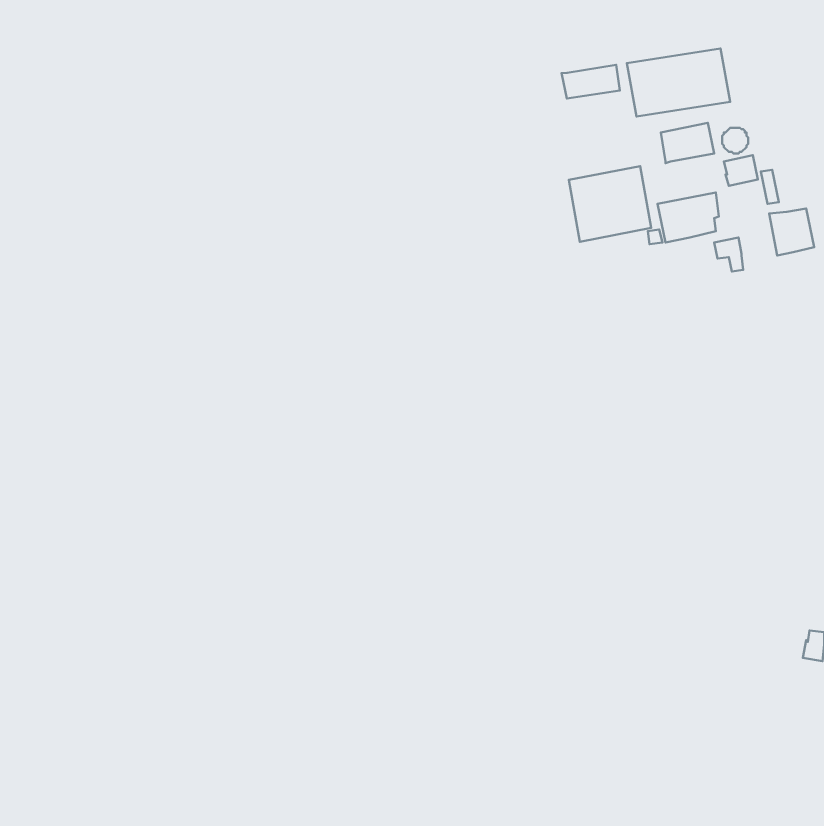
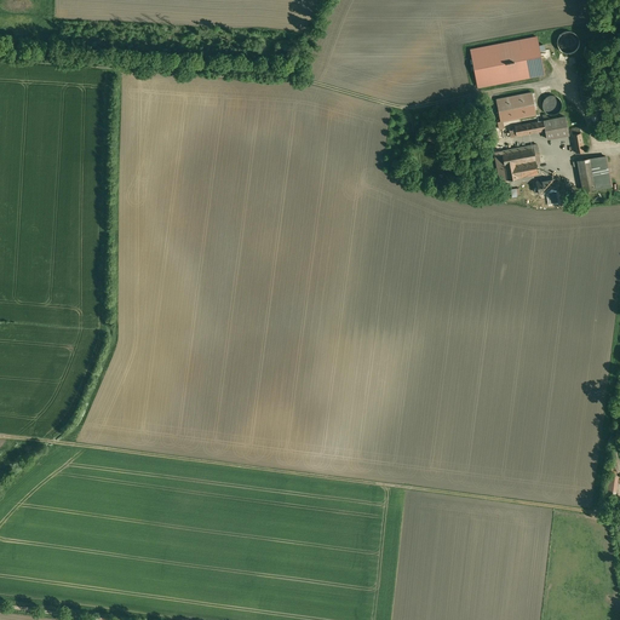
building: [561,65,620,99] -> none
building: [569,166,651,242] -> none

